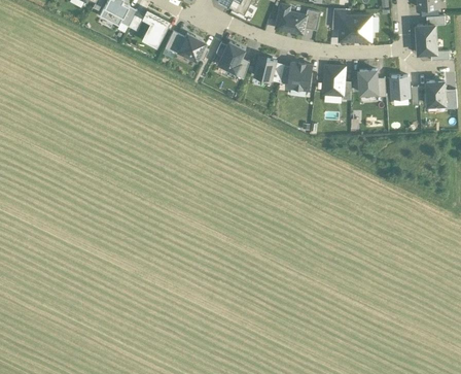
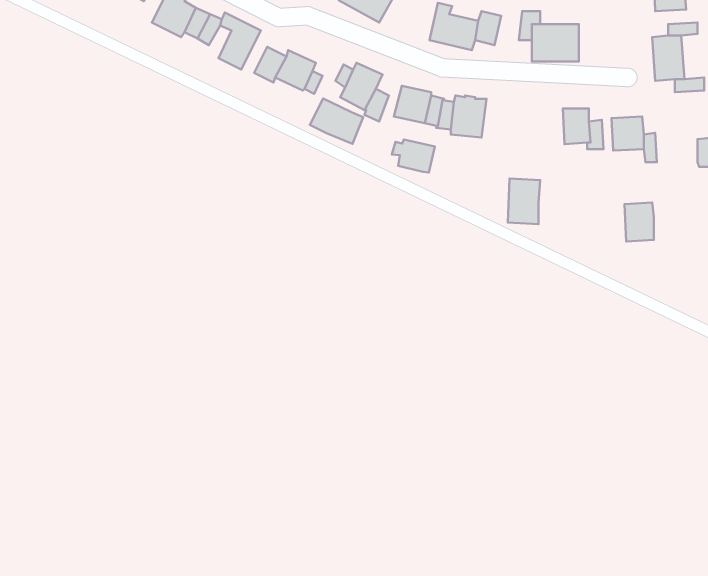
building: none -> [310,99,363,144]
building: [323,66,344,95] -> [508,179,540,224]
building: [426,81,445,106] -> [625,202,654,241]
building: none -> [392,140,435,173]

